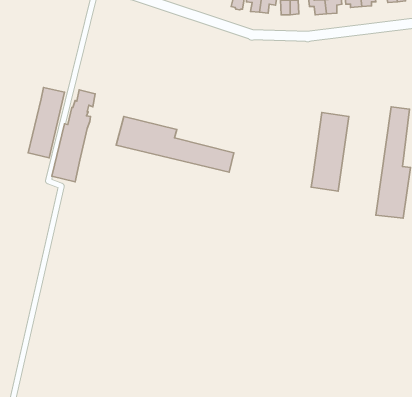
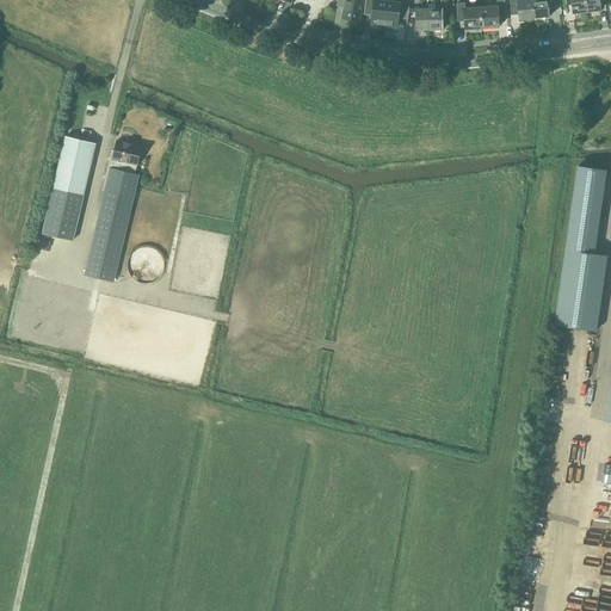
building: [311,112,349,191] -> none
building: [116,117,234,172] -> none

